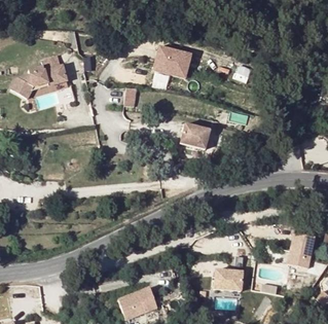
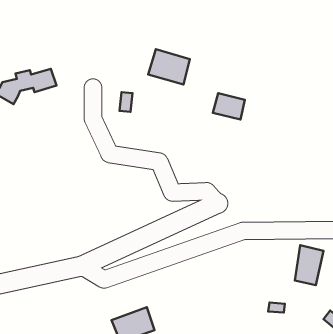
building: [178,127,208,151] -> [213,93,245,120]
building: [213,267,243,289] -> none

